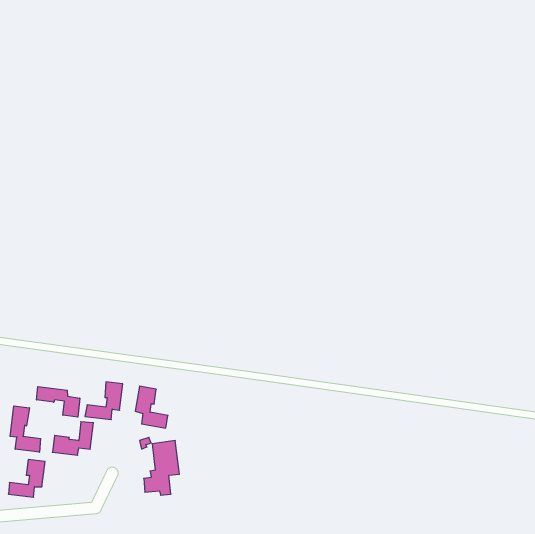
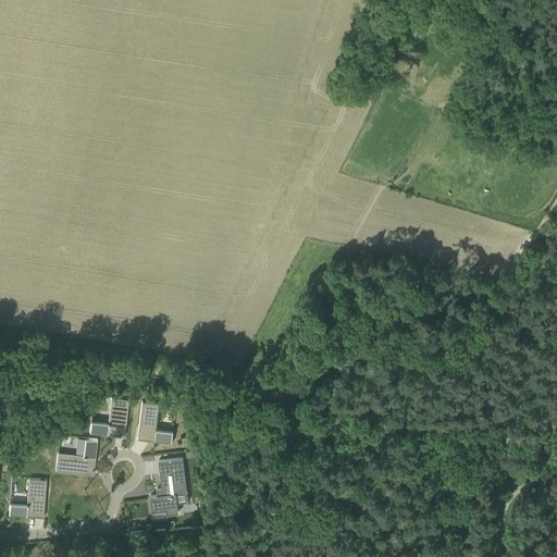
building: [37,387,80,417] -> none
building: [10,406,41,452] -> none

